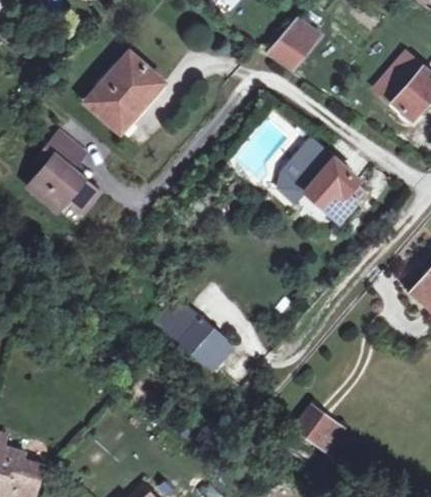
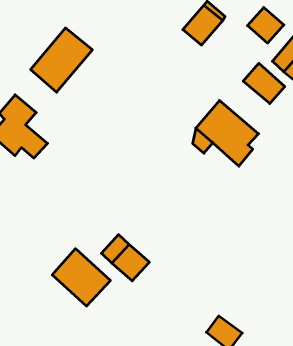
building: none -> [247,7,284,43]
building: none -> [243,63,285,104]
building: none -> [52,249,110,306]

